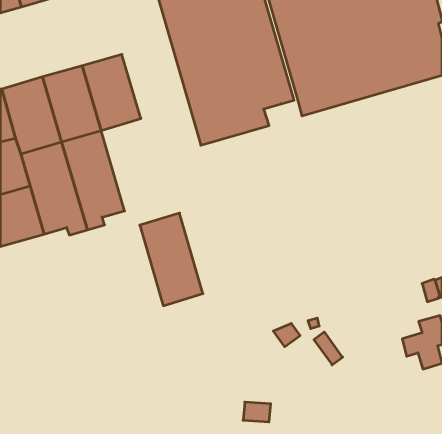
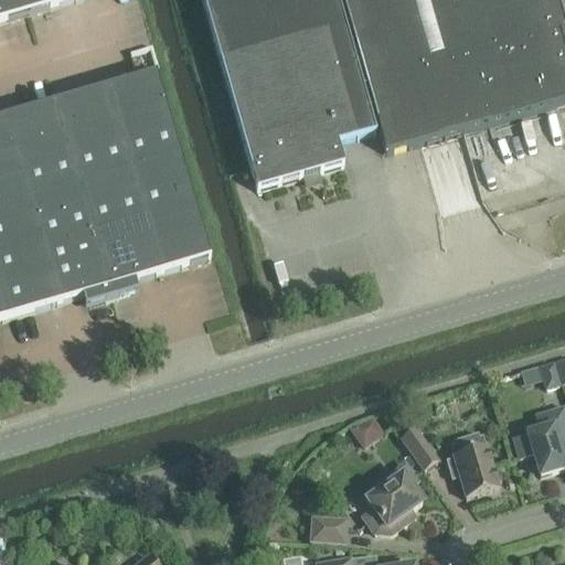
building: [140,213,203,306] -> [129,151,210,269]
building: none -> [445,441,501,493]
building: none -> [362,459,422,530]

